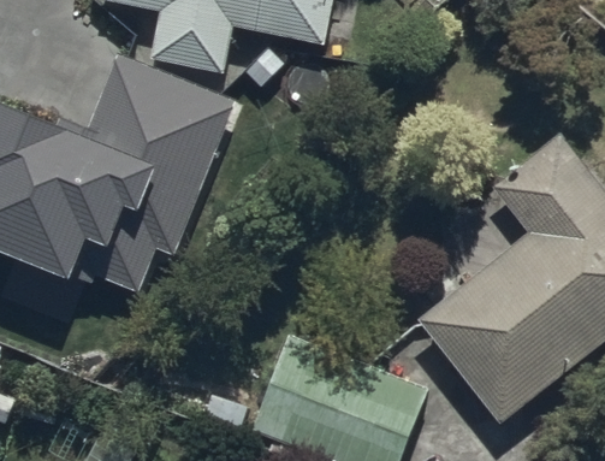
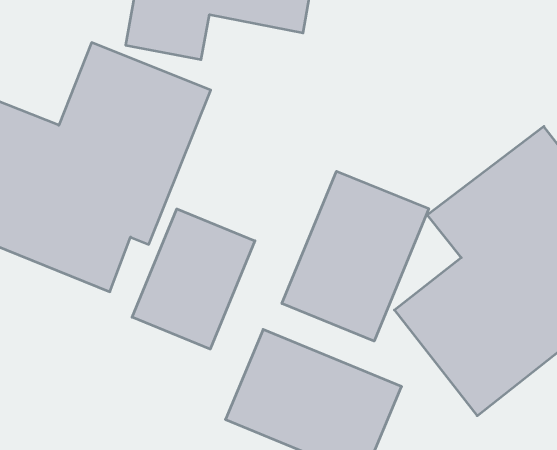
building: none -> [282,171,429,341]
building: none -> [132,209,255,349]

